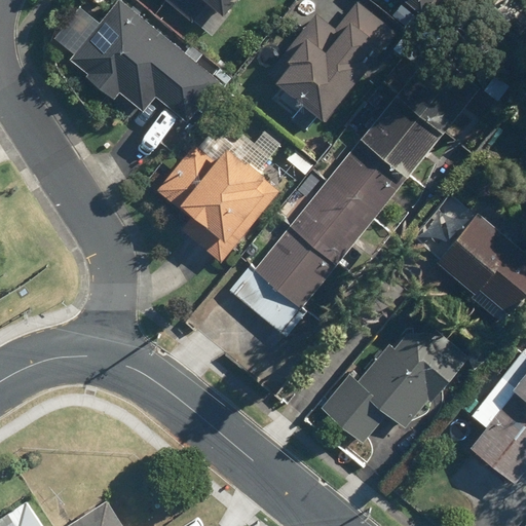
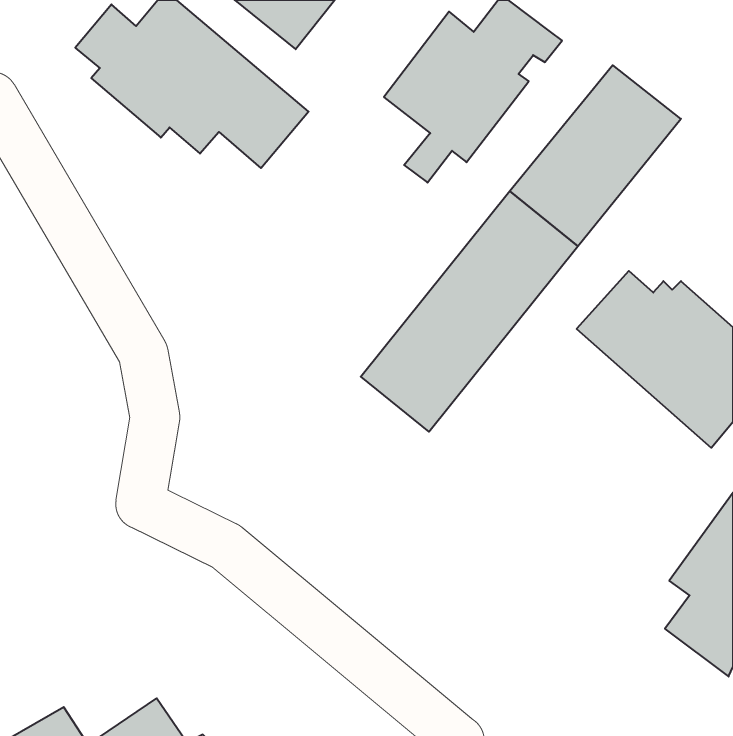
building: [157,145,270,264] -> none
building: [227,264,307,338] -> none
building: [321,304,468,444] -> none

